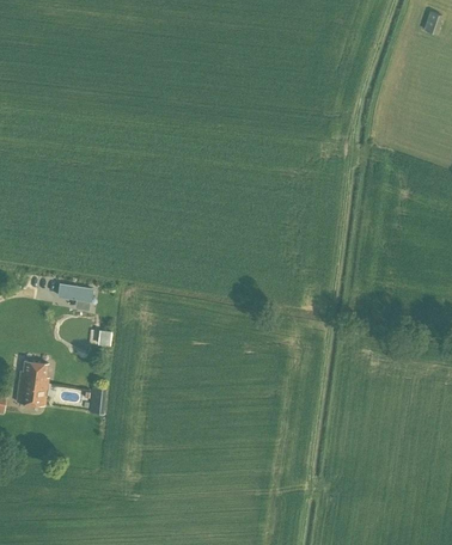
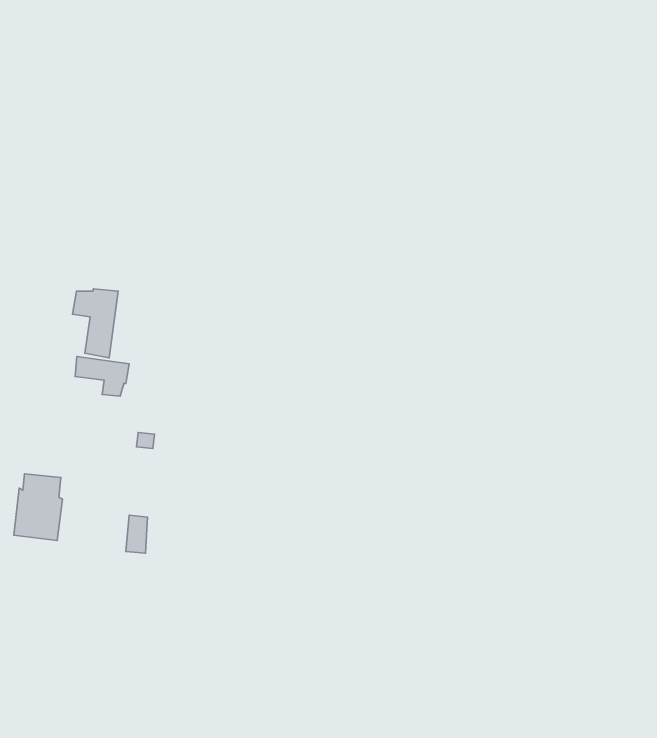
building: none -> [72,289,118,358]

